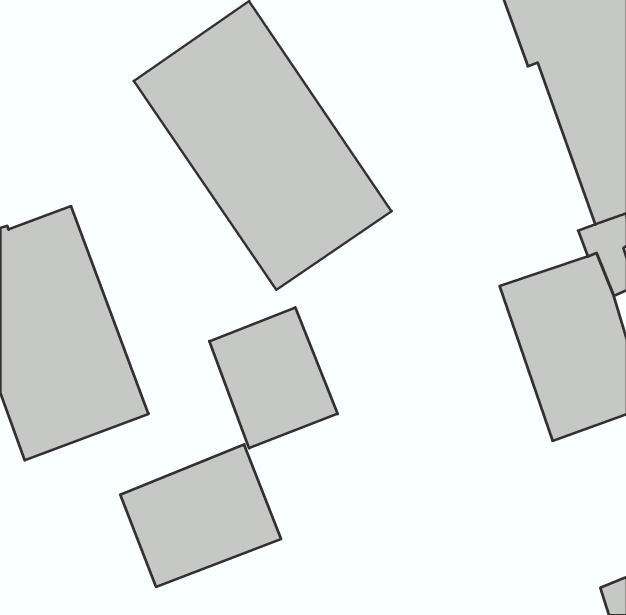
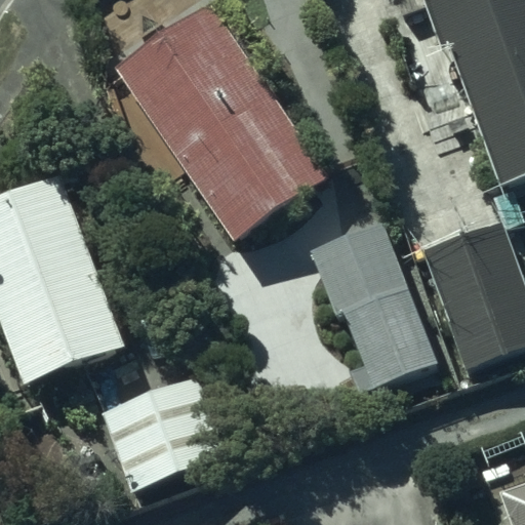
building: none -> [310,223,440,396]
building: [209,307,338,448] -> none

